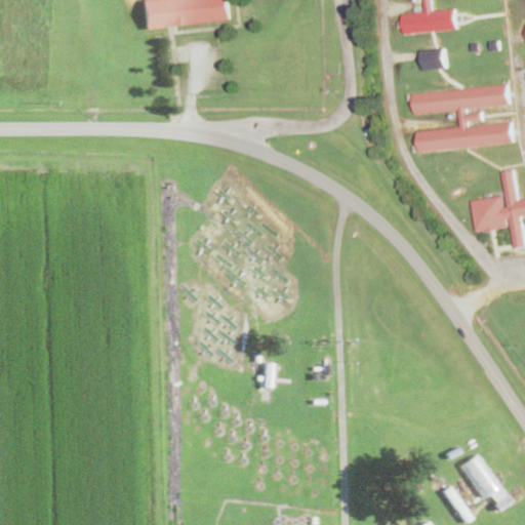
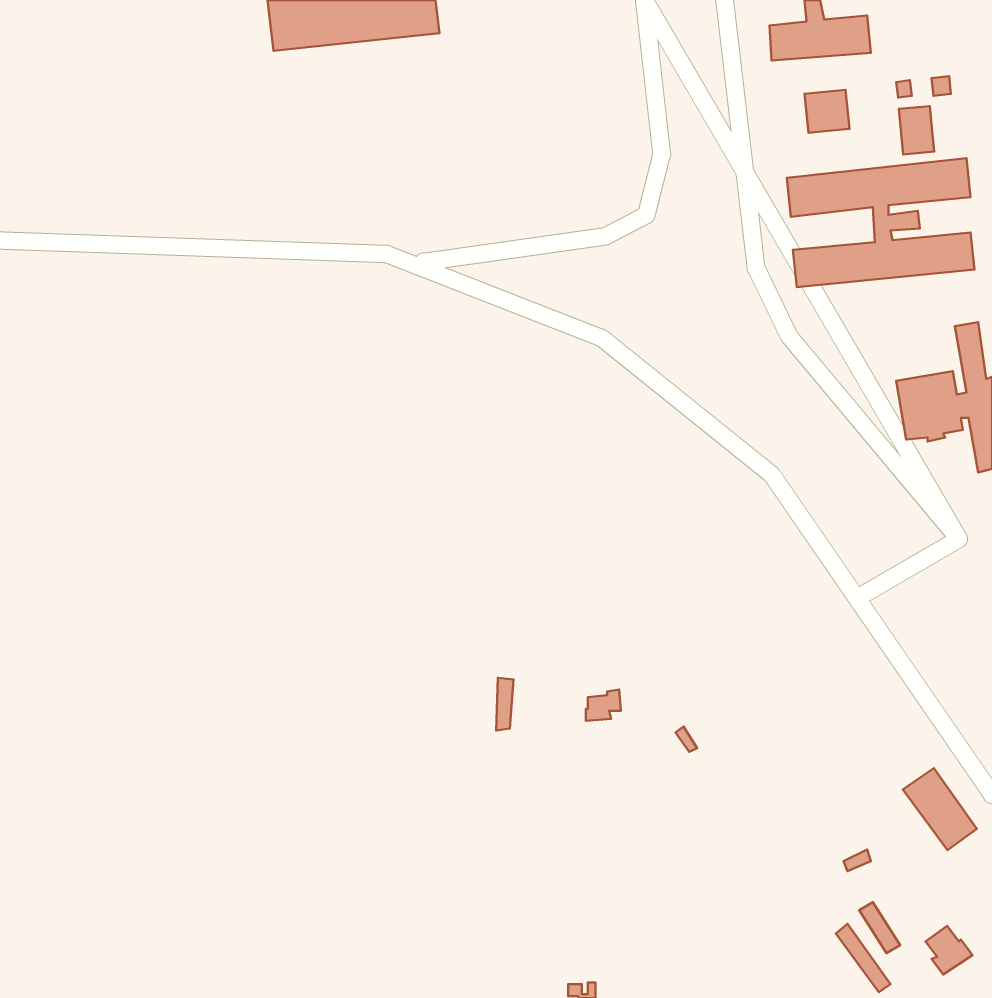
building: none -> [899,106,934,154]
building: [457,453,496,496] -> [903,768,977,850]

